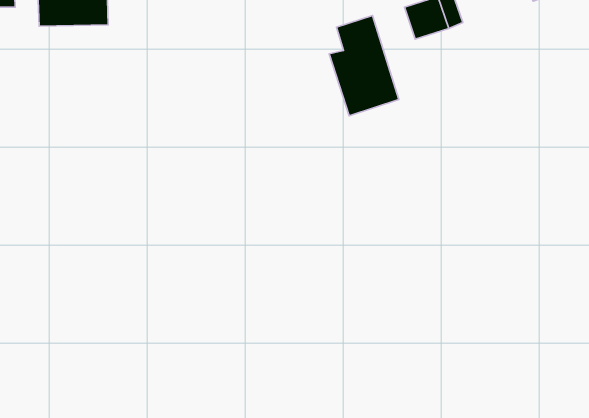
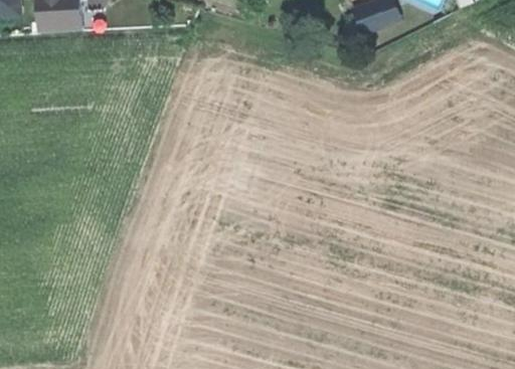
building: [329,16,399,116] -> none

